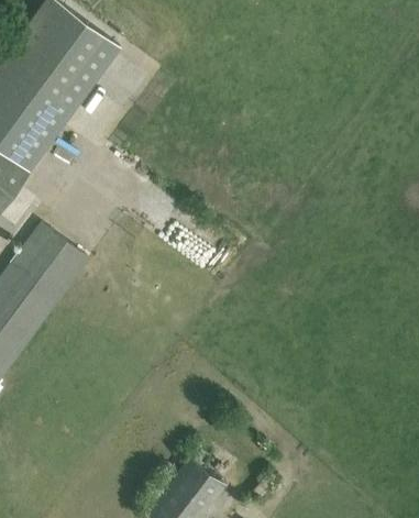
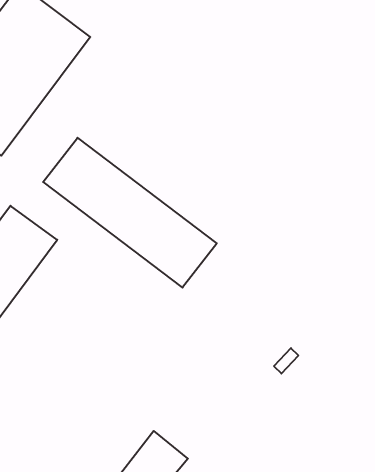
building: none -> [43,138,217,288]

